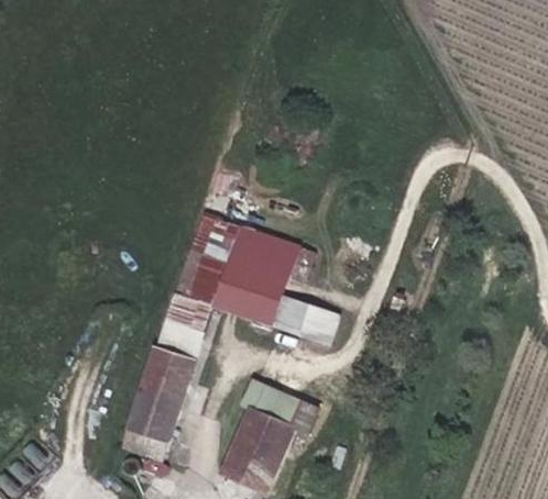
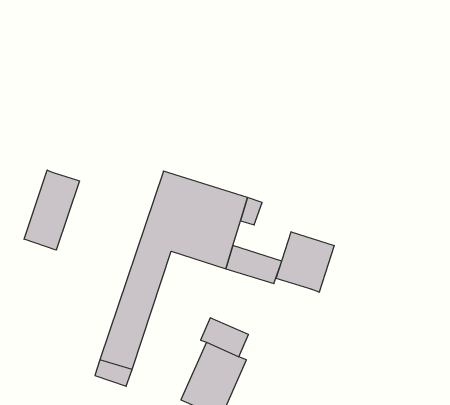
building: none -> [24,170,79,250]
building: none -> [276,232,334,292]

